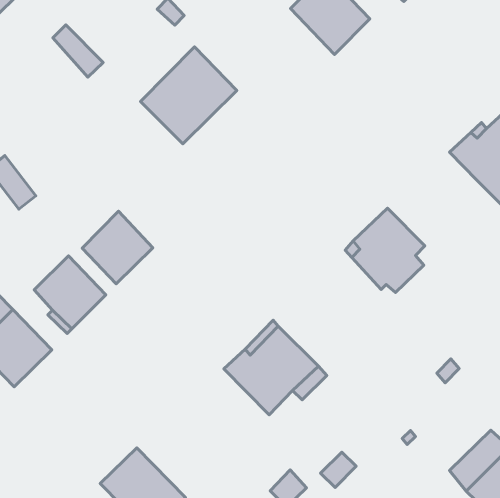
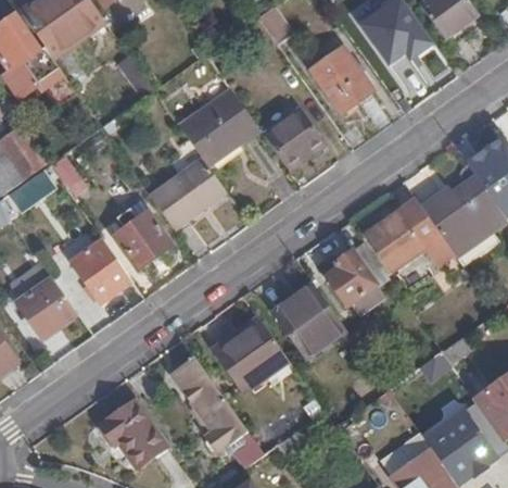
building: none -> [261,107,320,168]
building: none -> [152,157,225,227]
building: none -> [366,197,437,261]
building: none -> [276,285,345,359]
building: none -> [169,355,246,450]

